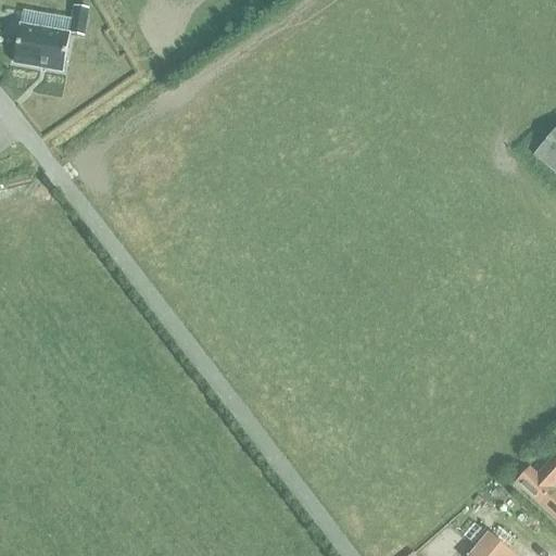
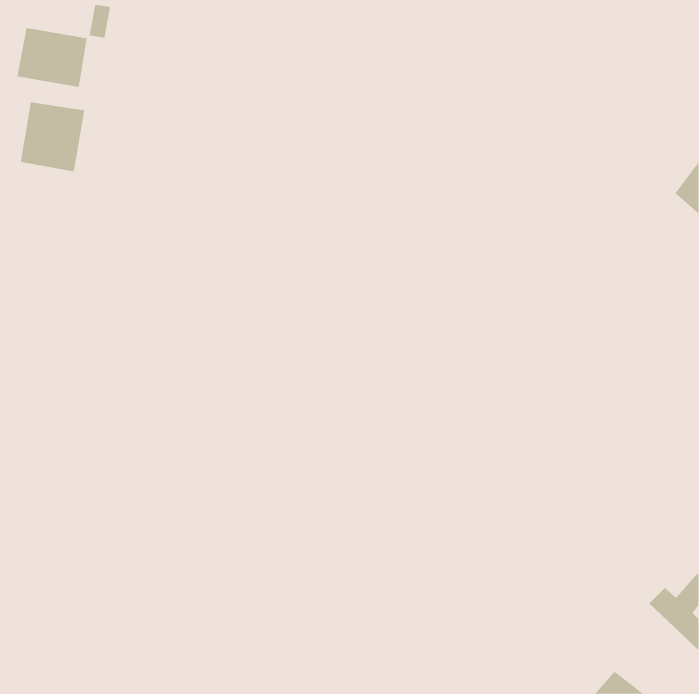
building: none -> [20,101,85,172]

